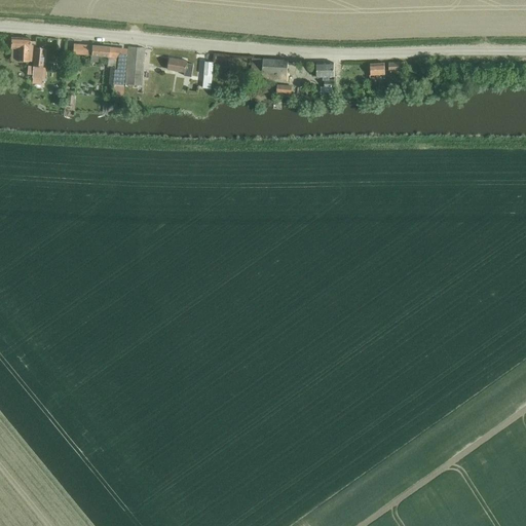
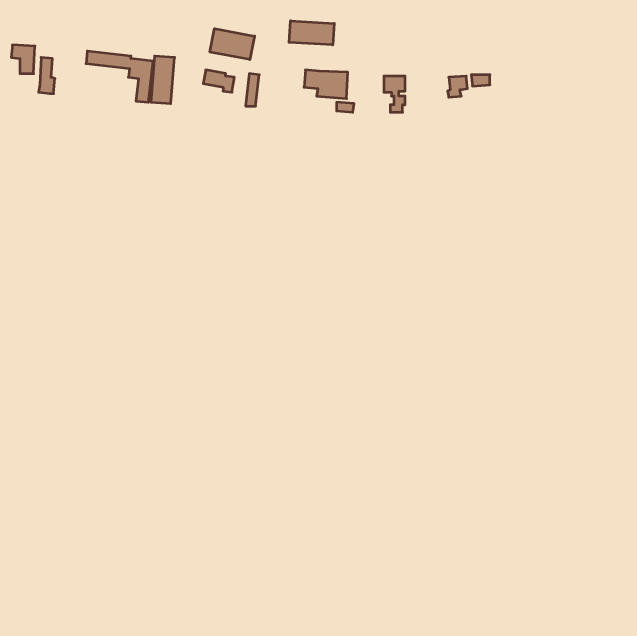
building: none -> [289,21,334,45]
building: none -> [210,29,255,60]

